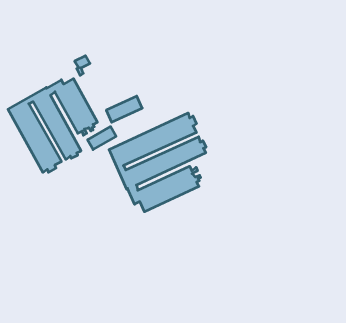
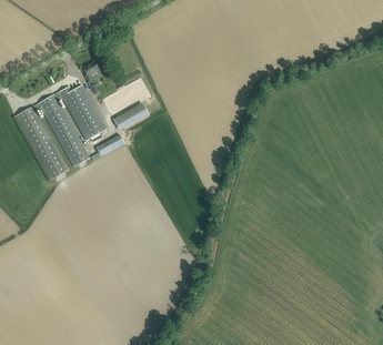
building: [109,113,206,212] -> none

